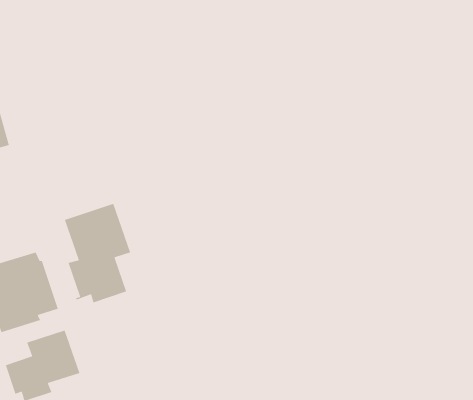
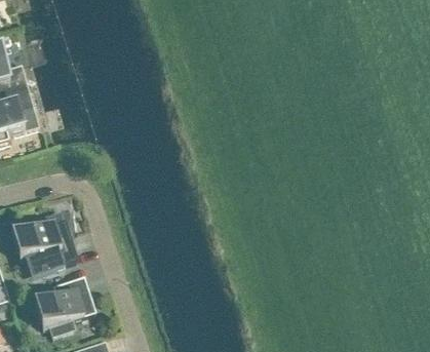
building: [64,203,131,304] -> none

